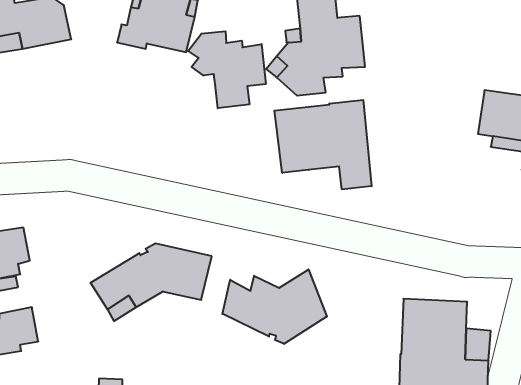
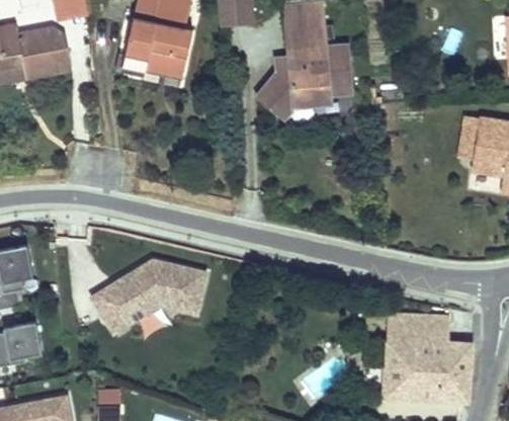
building: [188,31,266,108] -> none
building: [274,100,372,189] -> none
building: [222,269,327,344] -> none

